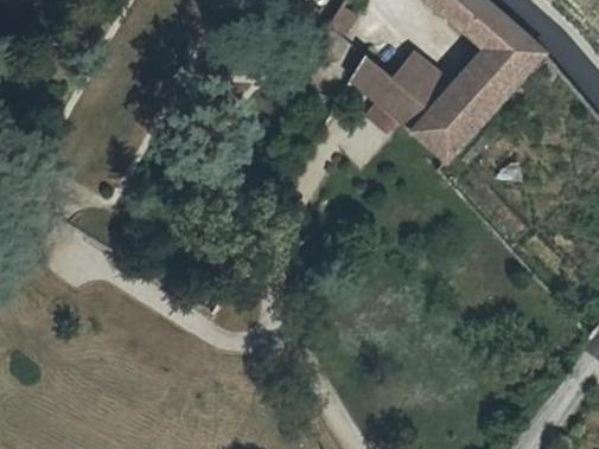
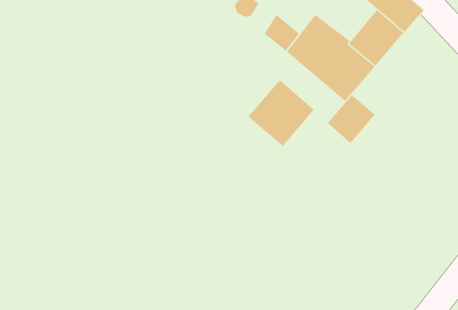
building: none -> [247,80,315,147]
building: none -> [327,94,376,143]

